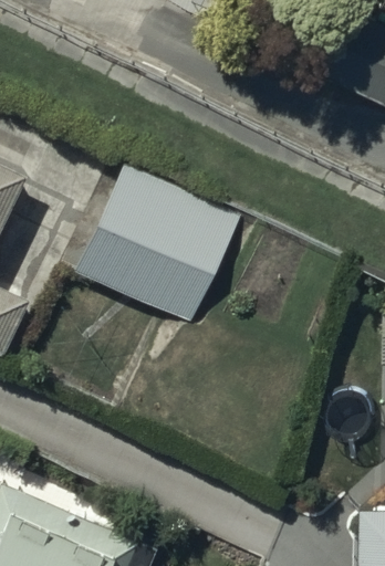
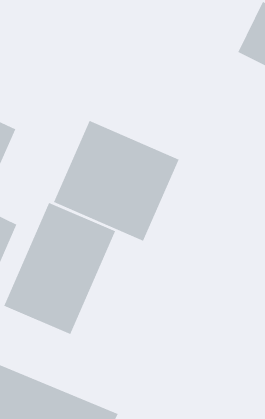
building: none -> [4,202,116,335]

